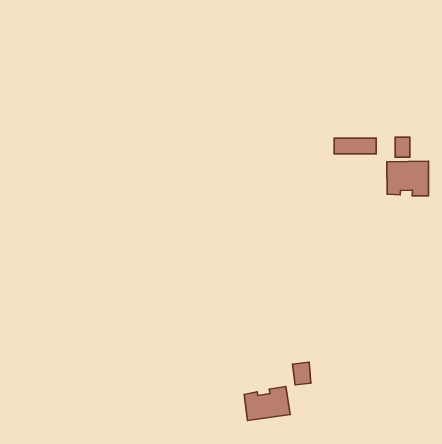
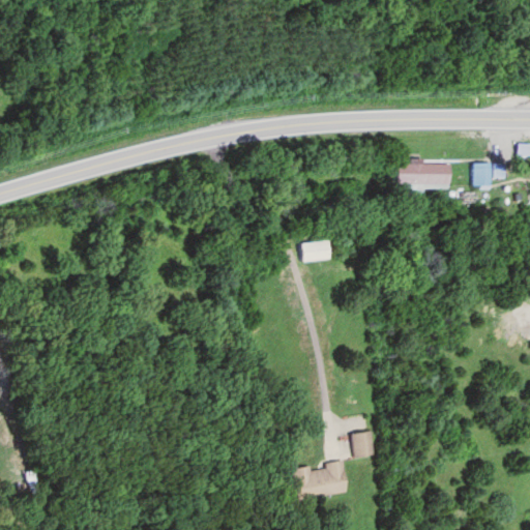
building: [387,161,428,196] -> none
building: none -> [300,242,328,261]

